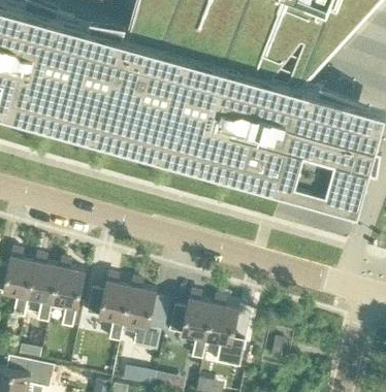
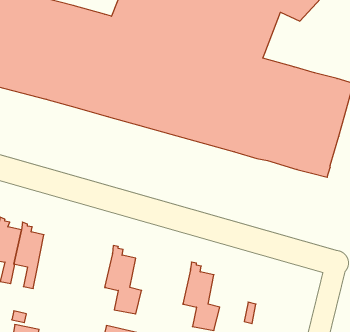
building: [51,263,84,333] -> none
building: [85,277,130,348] -> none
building: [167,295,213,365] -> none

